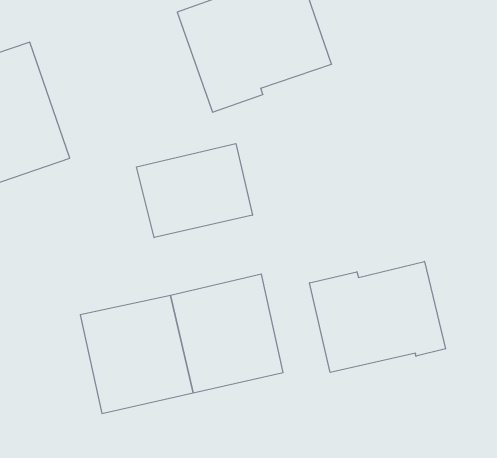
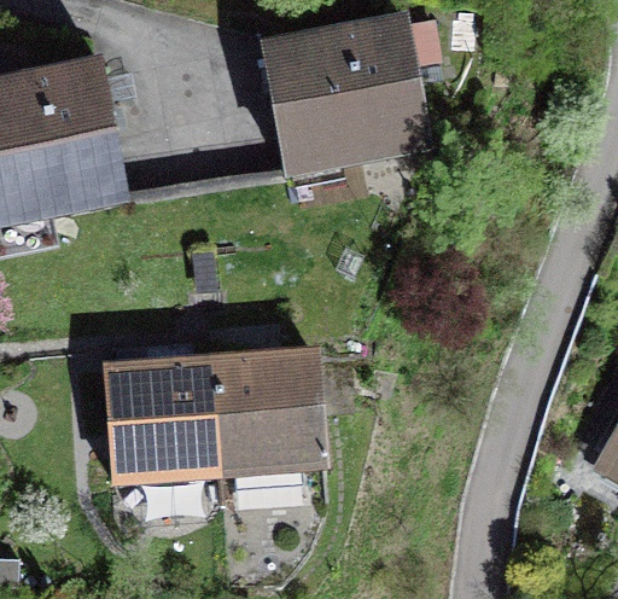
building: [137,144,252,238] -> none
building: [310,261,445,372] -> none

